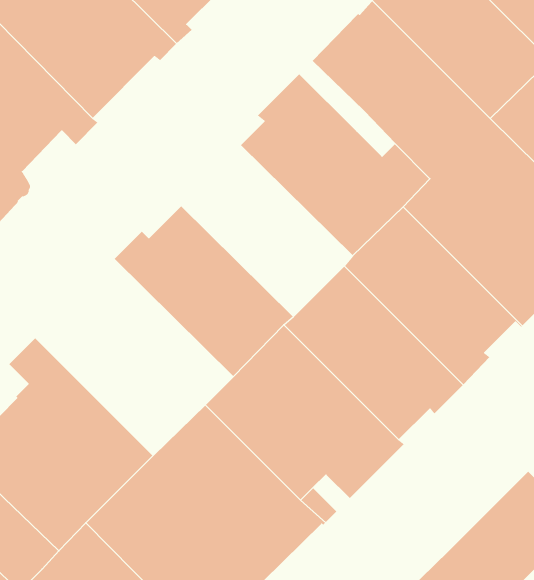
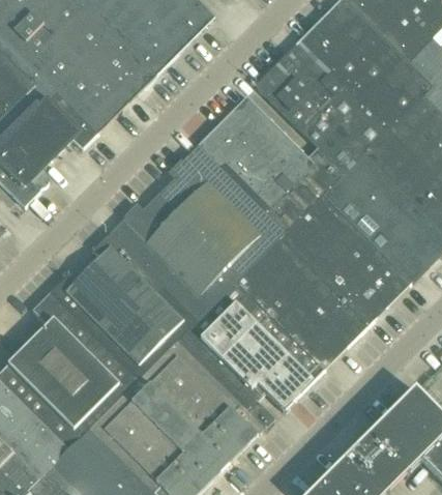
building: none -> [159,144,286,275]
building: none -> [52,233,198,378]

